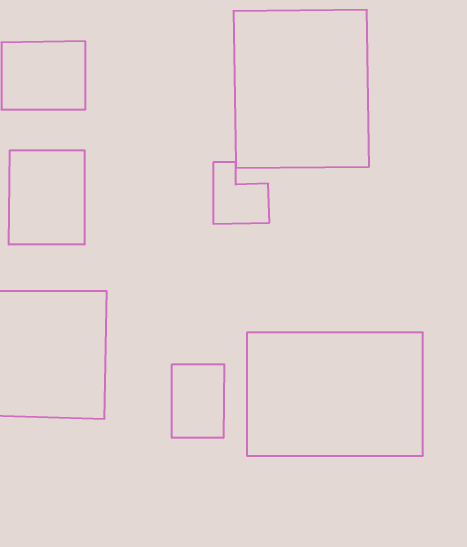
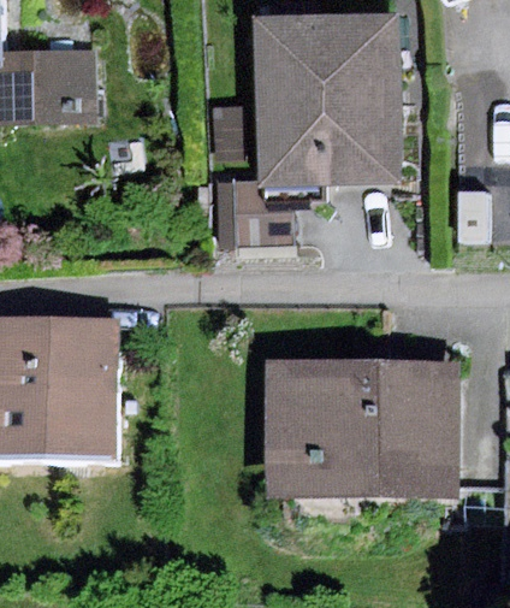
building: [9,150,85,245] -> none
building: [172,364,224,438] -> none

